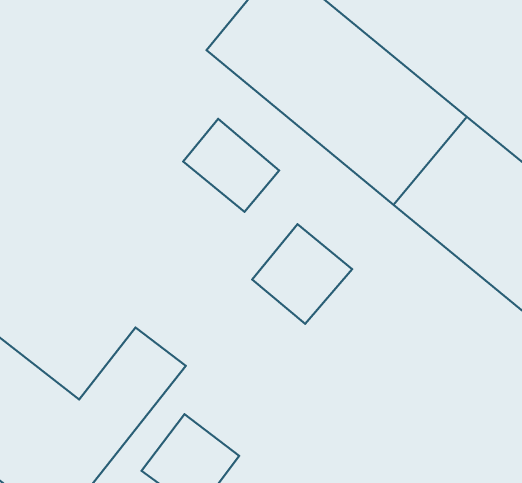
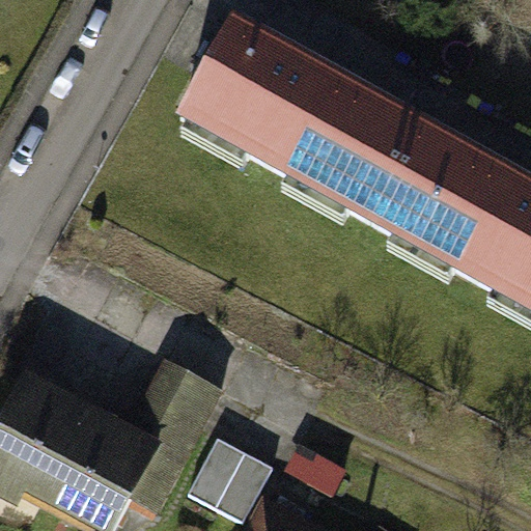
building: [183,119,279,212] -> none
building: [252,224,352,324] -> none

